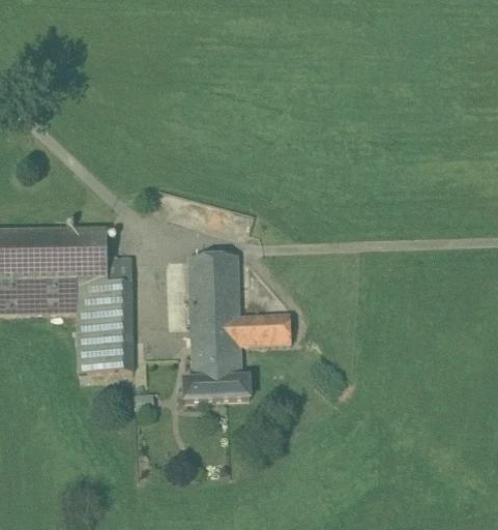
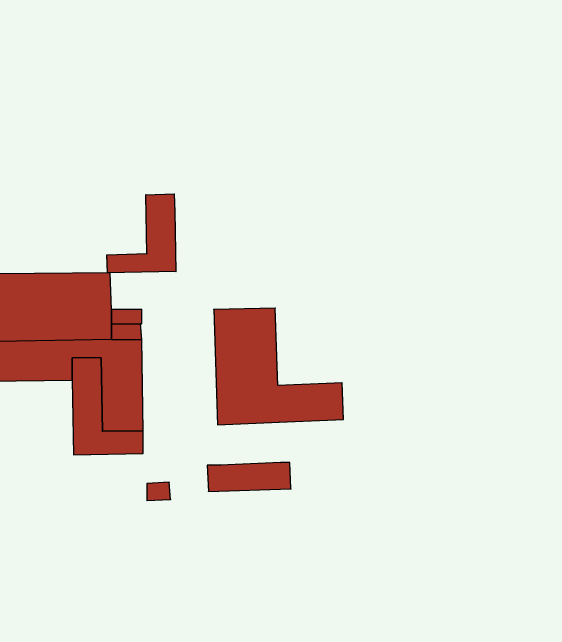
building: none -> [107,194,176,273]
building: [193,344,241,378] -> none

